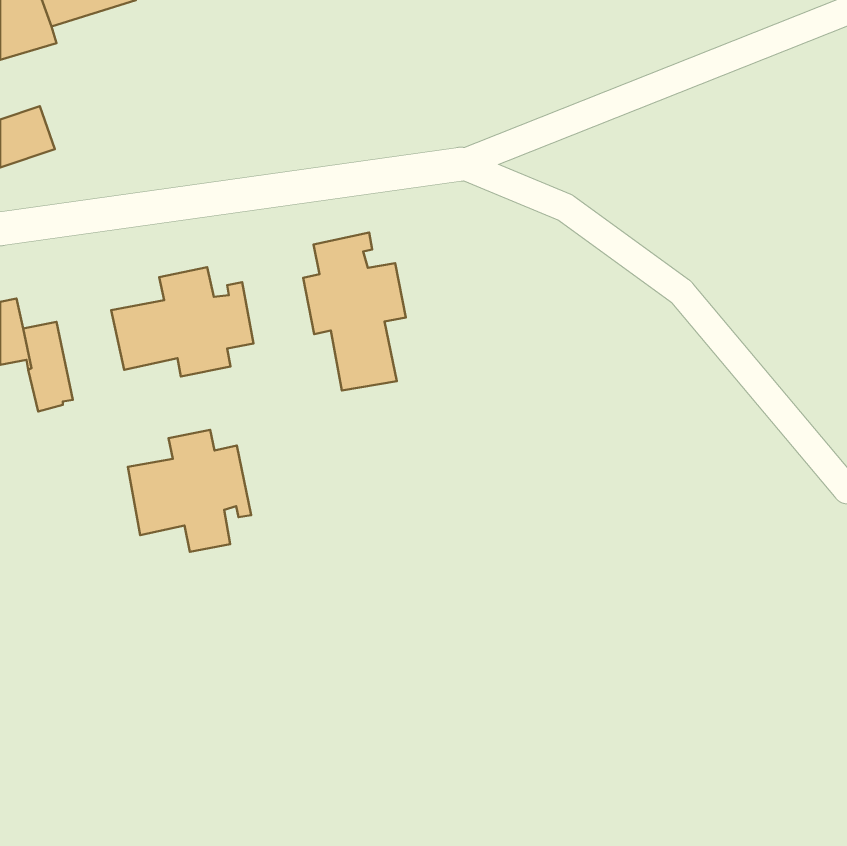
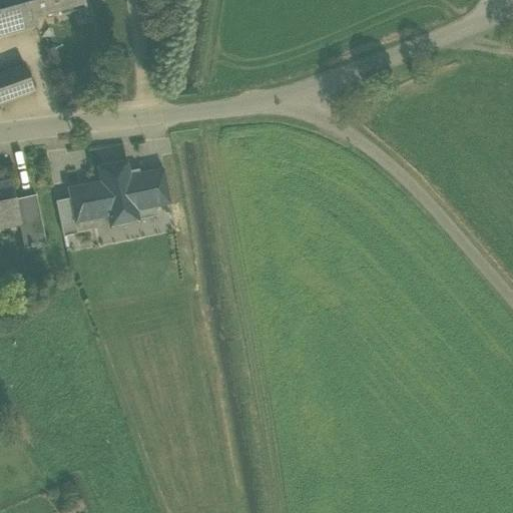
building: [303,233,406,391] -> none
building: [128,430,251,552] -> none

